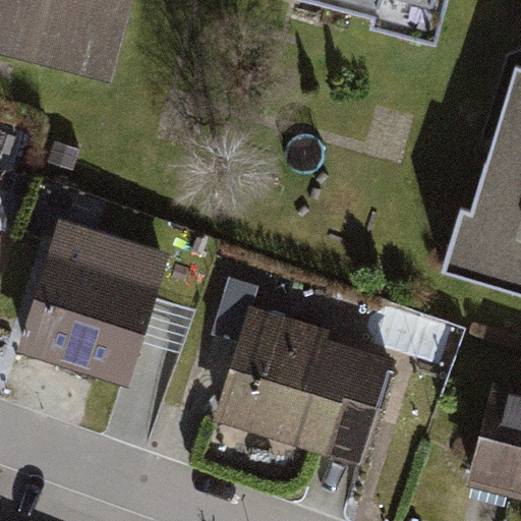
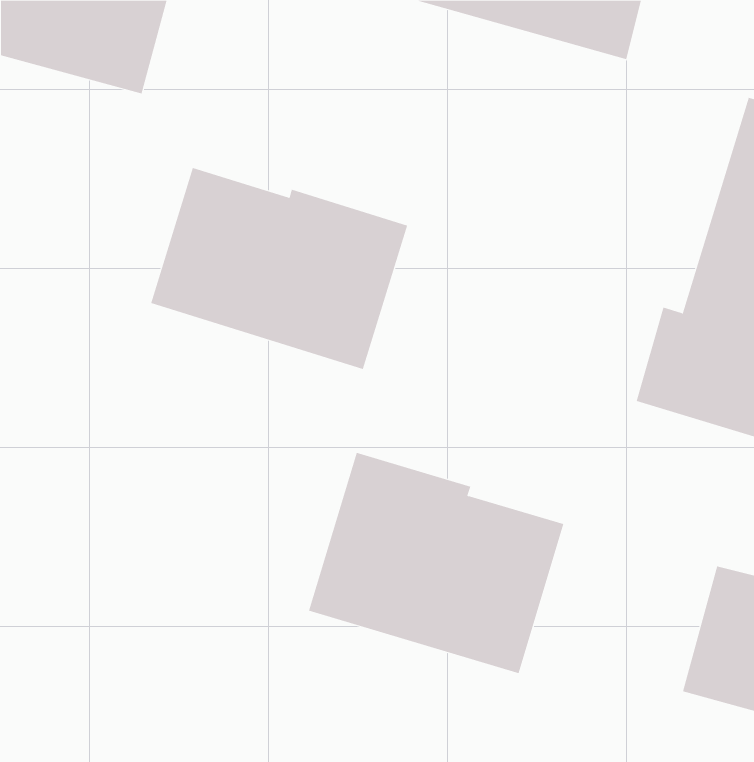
building: none -> [150,167,408,370]
building: [20,226,163,377] -> none

